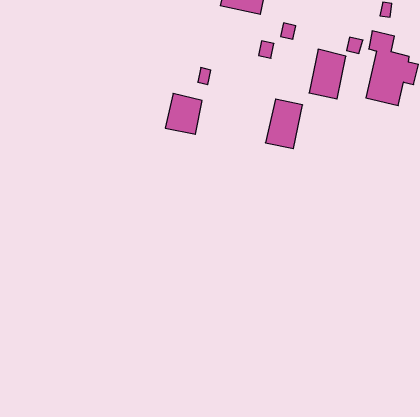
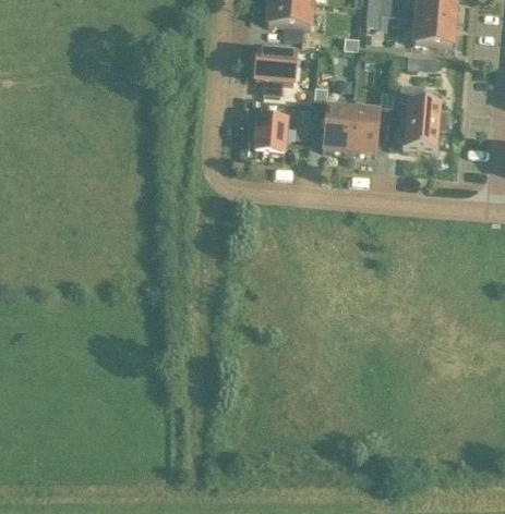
building: [165,93,202,134] -> [254,115,286,151]
building: [265,99,303,149] -> [322,105,352,149]

